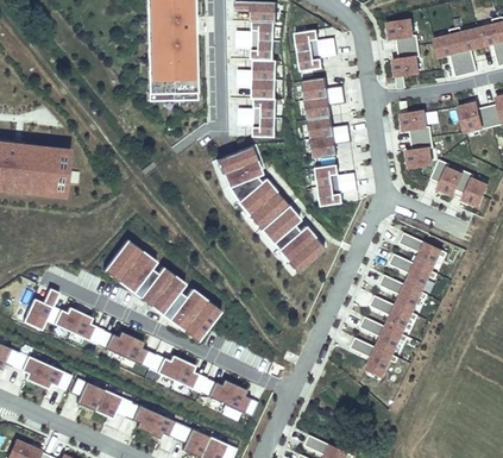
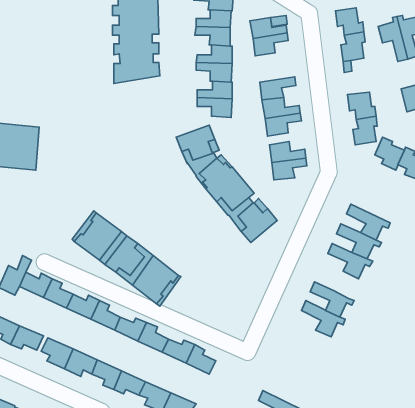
building: [302,77,344,100] -> none
building: [370,295,417,334] -> none

